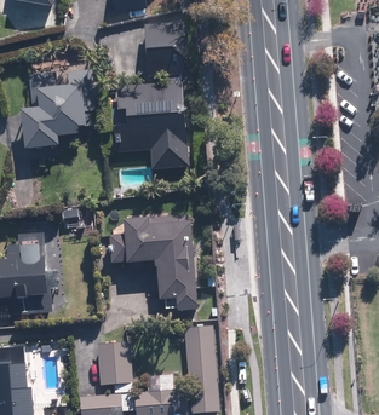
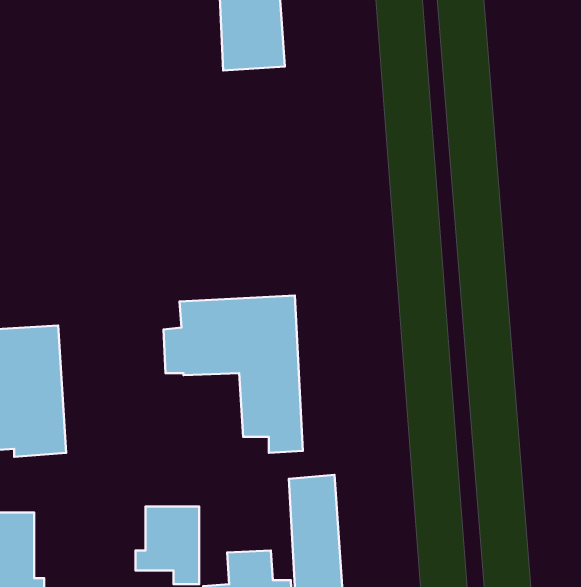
building: [19,68,94,152] -> none
building: [116,82,186,167] -> none

